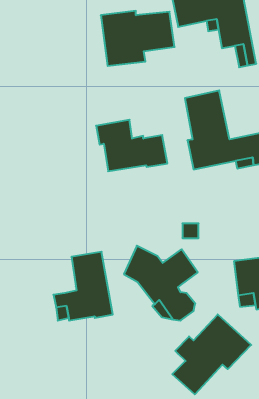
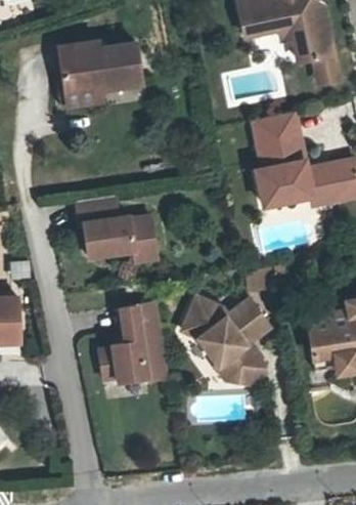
building: [101,11,175,66] -> [49,35,137,100]
building: [96,120,167,171] -> [76,198,161,259]
building: [172,314,251,394] -> none

